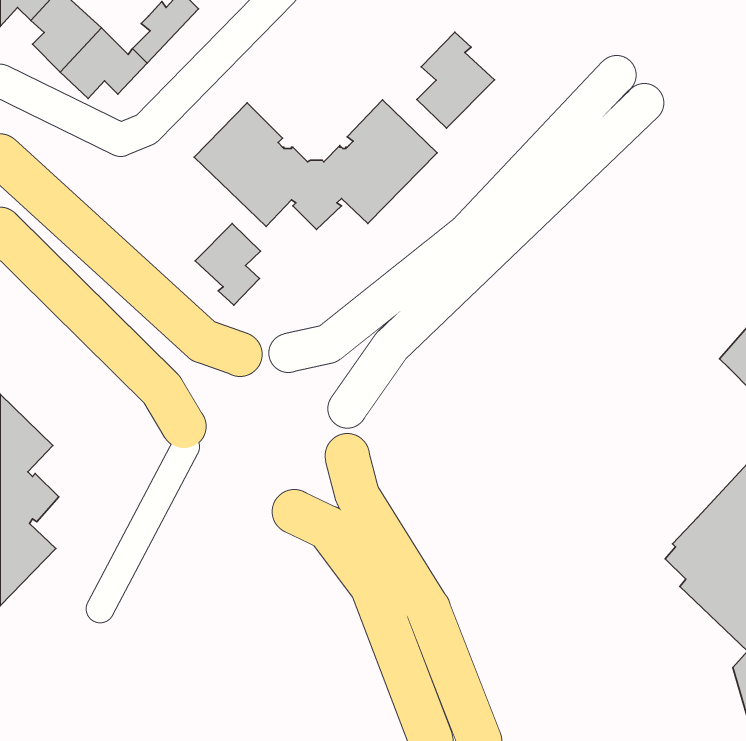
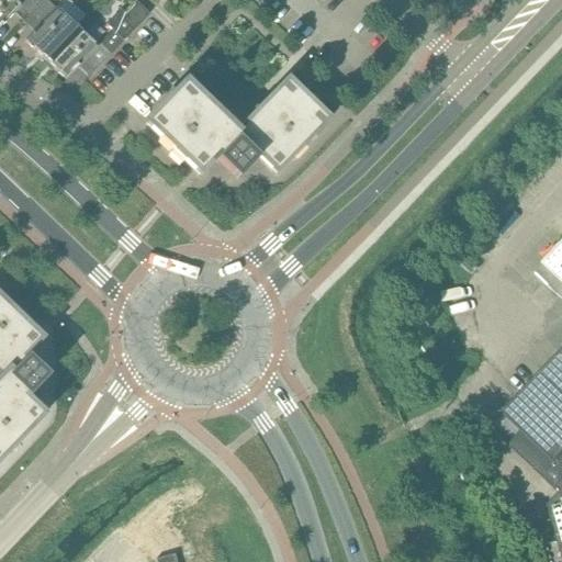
building: [417,32,494,128] -> none
building: [195,224,260,305] -> none

